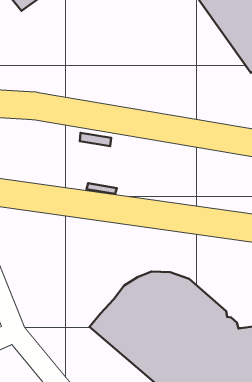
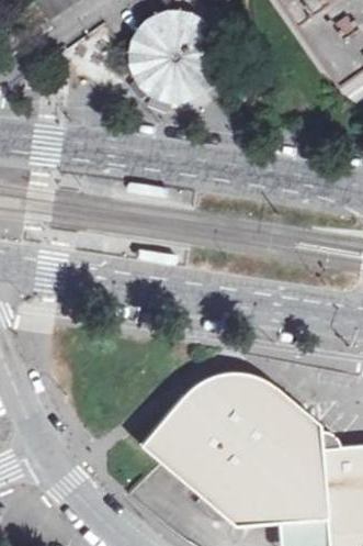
building: none -> [128,14,234,111]

